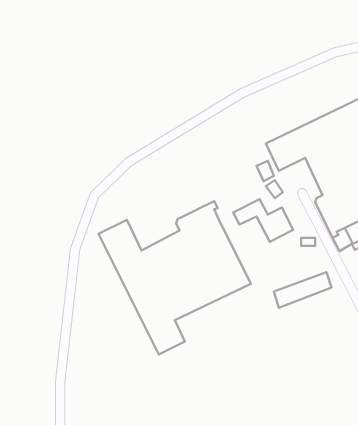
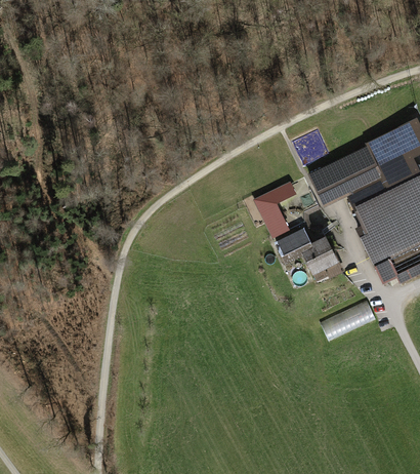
building: none -> [255,189,287,237]
building: [99,201,251,354] -> none

